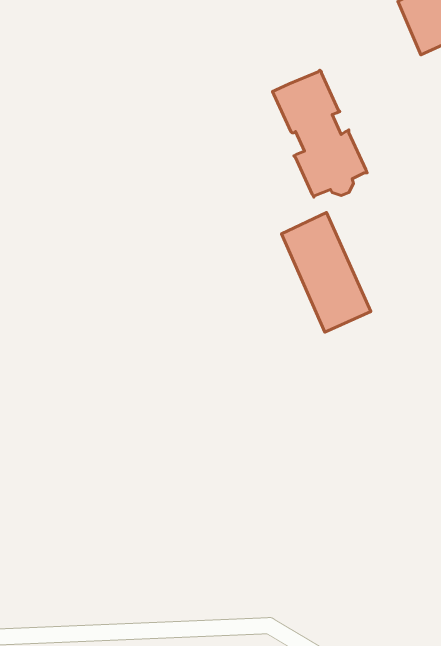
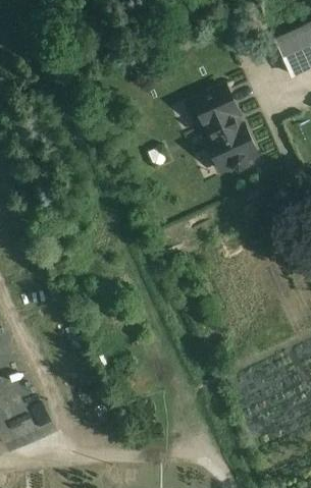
building: [282,213,371,332] -> none

